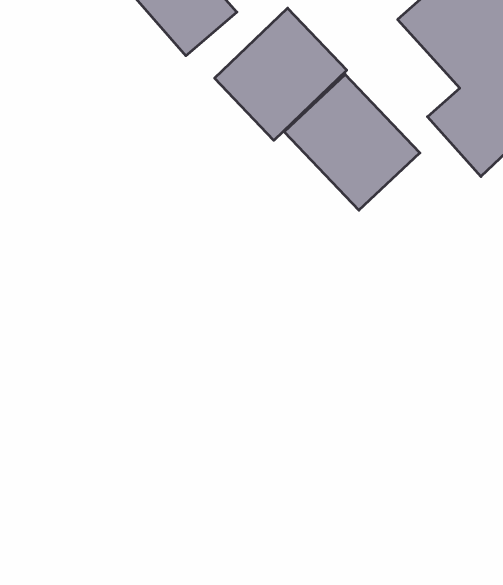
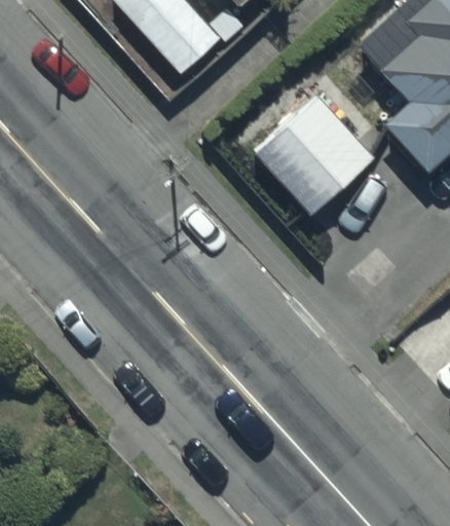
building: [215,8,347,140] -> none

